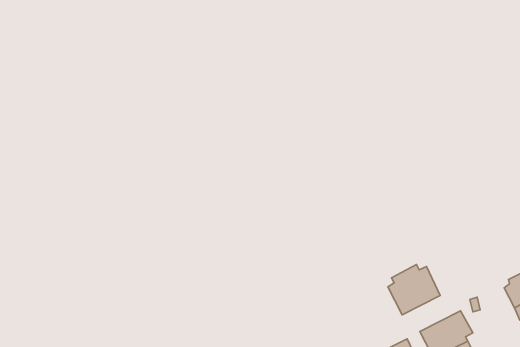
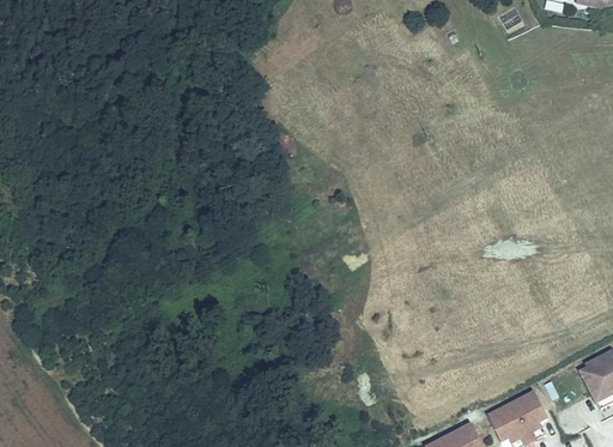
building: [388,264,440,315] -> none

